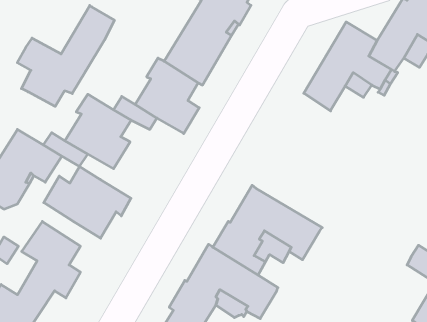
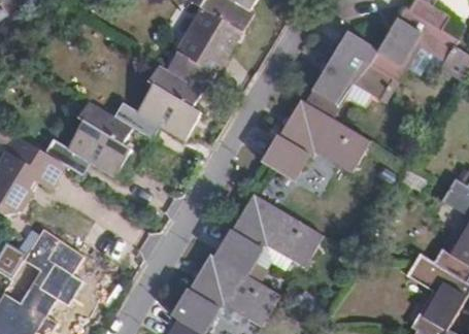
building: [17,5,114,106] -> none
building: none -> [261,98,371,181]
building: [44,167,131,238] -> none

